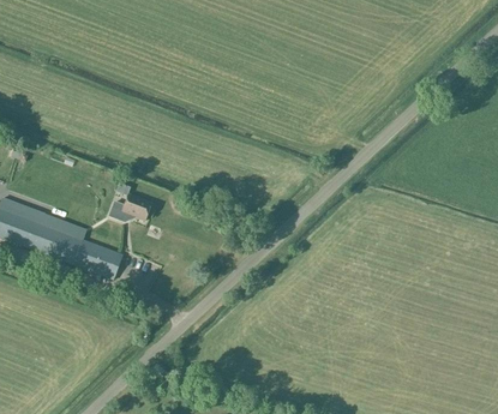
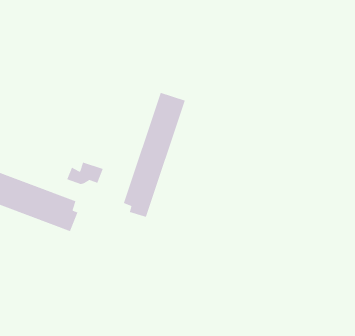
building: none -> [123,92,186,218]

